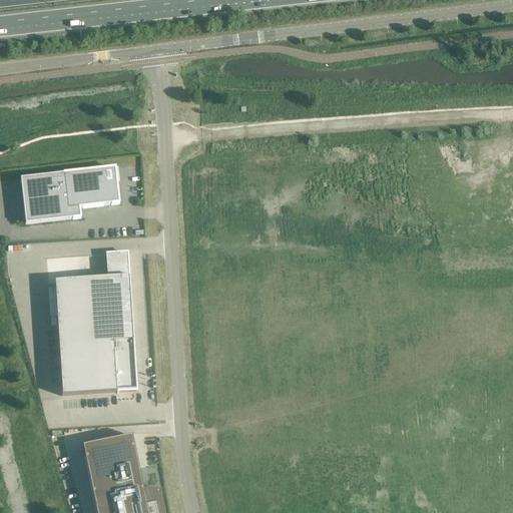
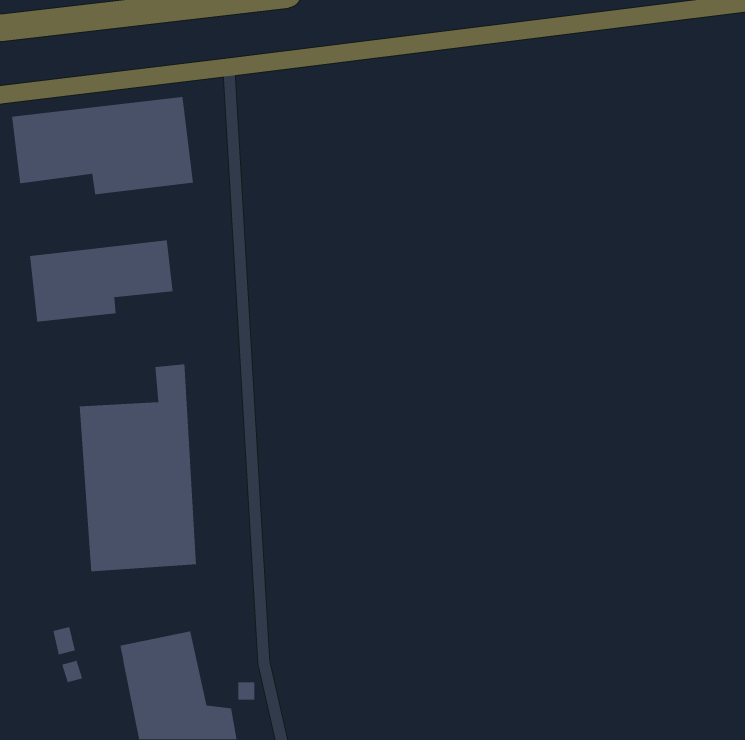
building: none -> [11,96,194,195]

